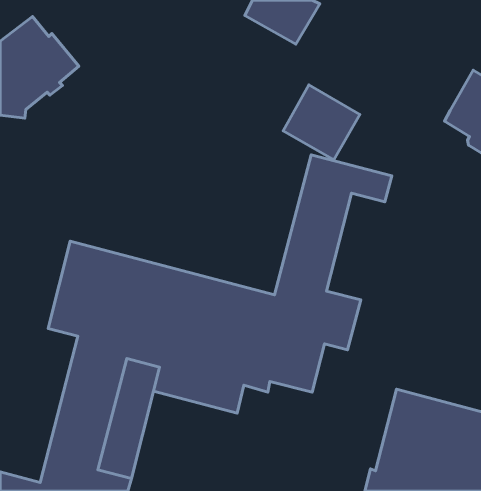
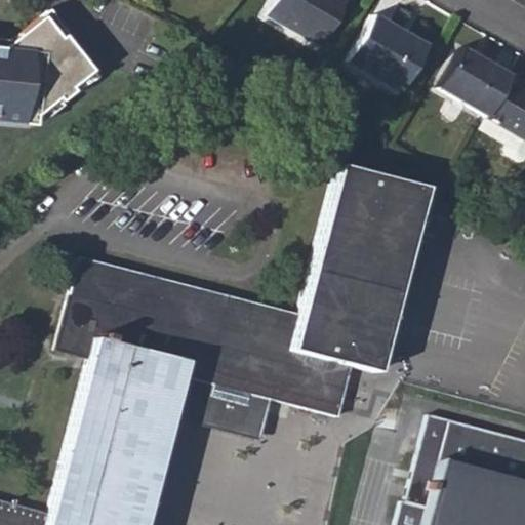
building: none -> [442,47,516,118]
building: [283,85,360,160] -> [351,14,433,94]
building: none -> [359,206,421,320]

